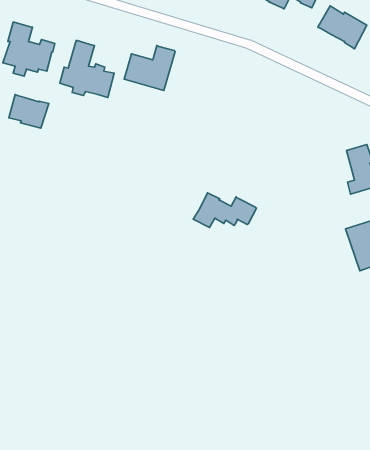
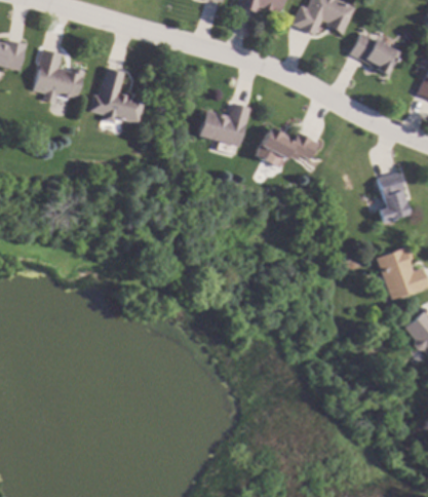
building: [124,46,175,90] -> [198,102,249,147]
building: [9,94,49,128] -> none
building: [193,193,256,227] -> [255,127,318,162]

